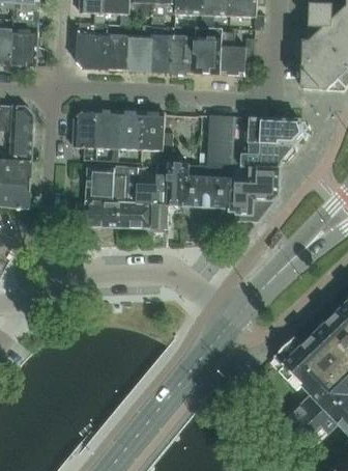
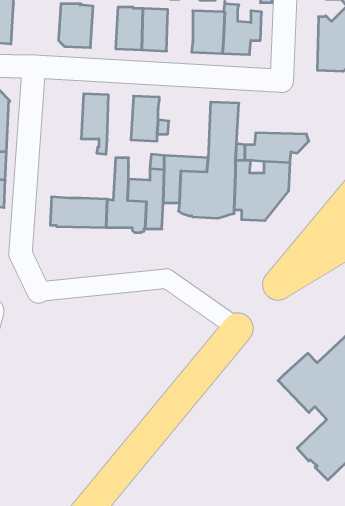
building: [104,32,127,70] -> none
building: [170,34,193,73] -> none
building: [71,108,97,159] -> none
building: [118,110,141,149] -> none
building: [248,116,302,144] -> none
building: [85,165,125,202] -> none

